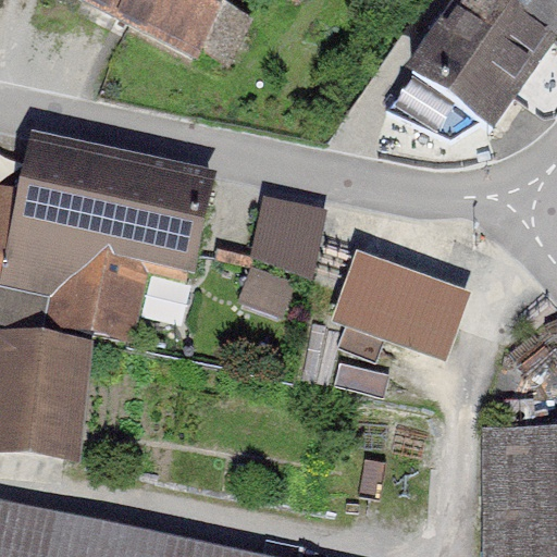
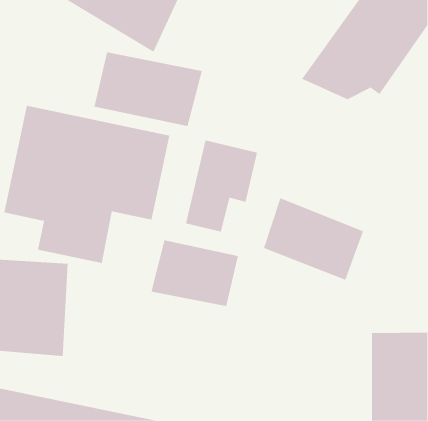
building: none -> [94,52,203,127]
building: none -> [151,240,238,307]

